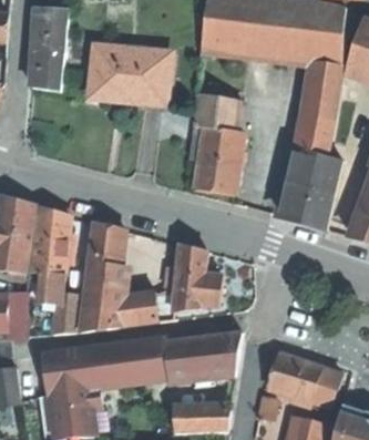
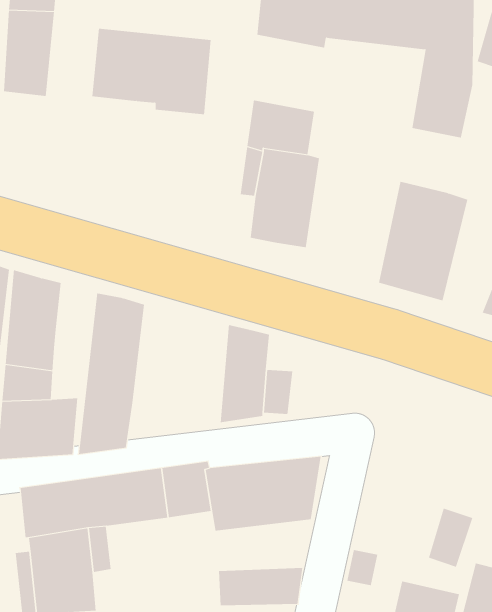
building: [294,113,335,156] -> none
building: [112,290,161,326] -> none
building: [269,352,322,399] -> none

